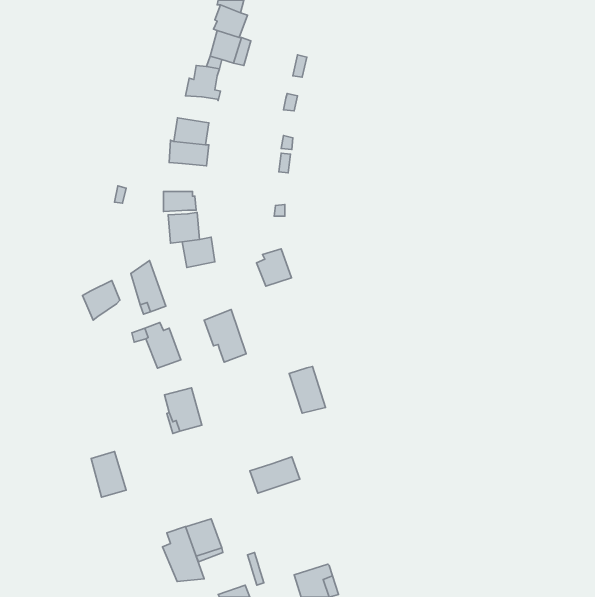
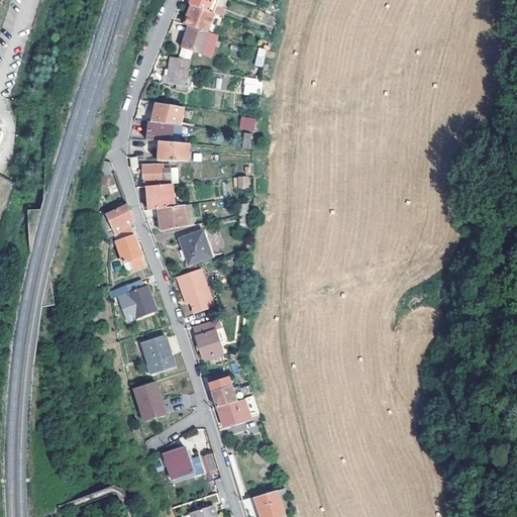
building: none -> [157,141,189,162]
building: [257,249,292,286] -> [181,231,211,264]
building: [83,280,120,320] -> [100,205,132,239]
building: [289,367,325,413] -> [192,321,223,361]
building: none -> [208,377,235,407]
building: [91,451,126,497] -> [134,381,165,420]
building: [162,526,204,581] -> none

